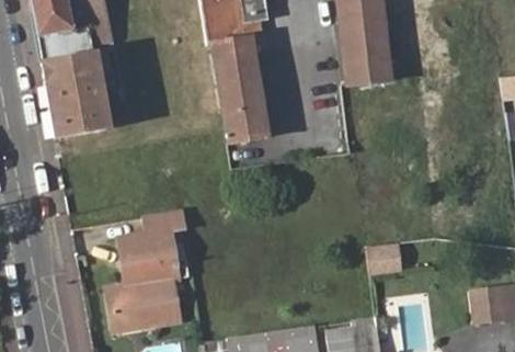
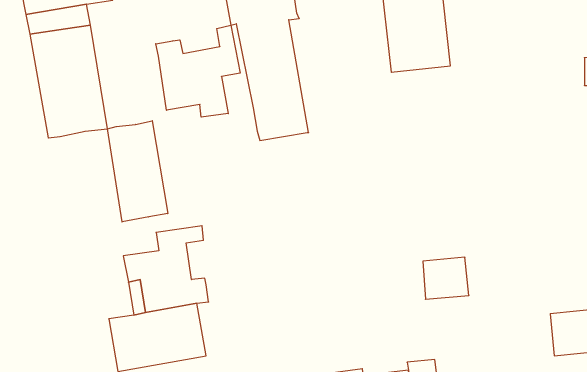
building: none -> [156,25,240,117]
building: none -> [107,121,168,222]

